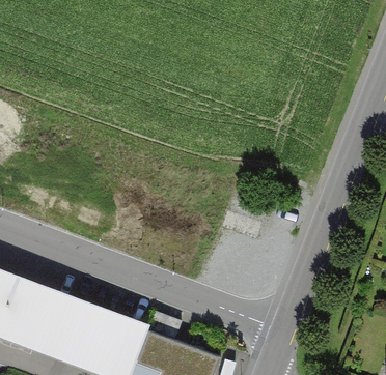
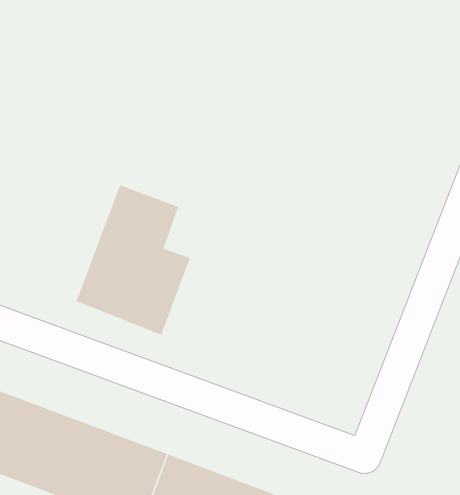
building: none -> [76,184,190,335]

